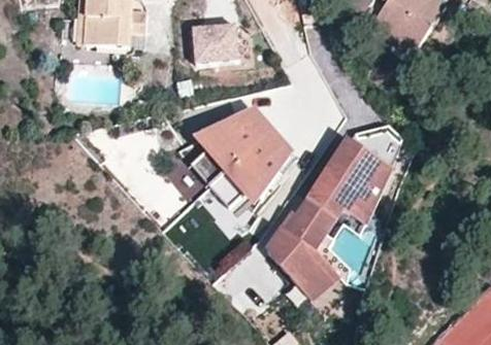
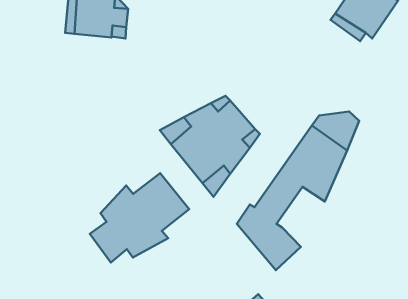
building: [195,23,241,61] -> none
building: none -> [90,173,189,262]

